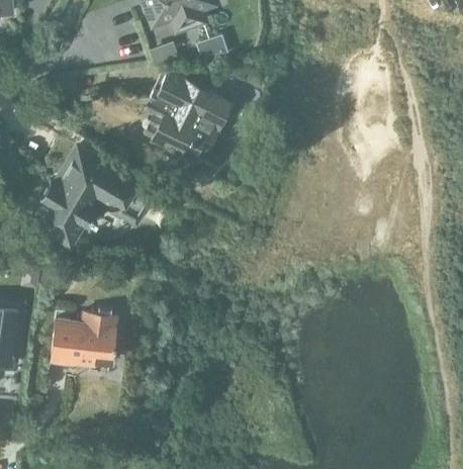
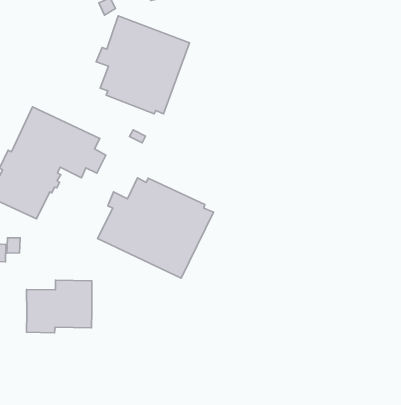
building: none -> [97,178,214,278]

